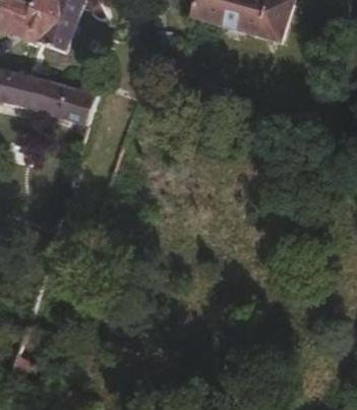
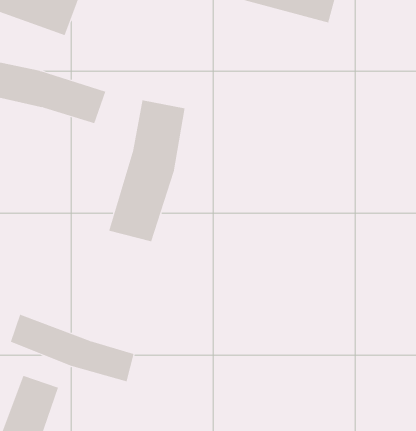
building: none -> [108,100,185,242]
building: none -> [10,314,134,382]

